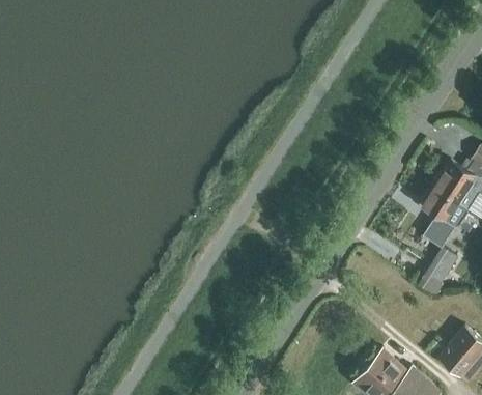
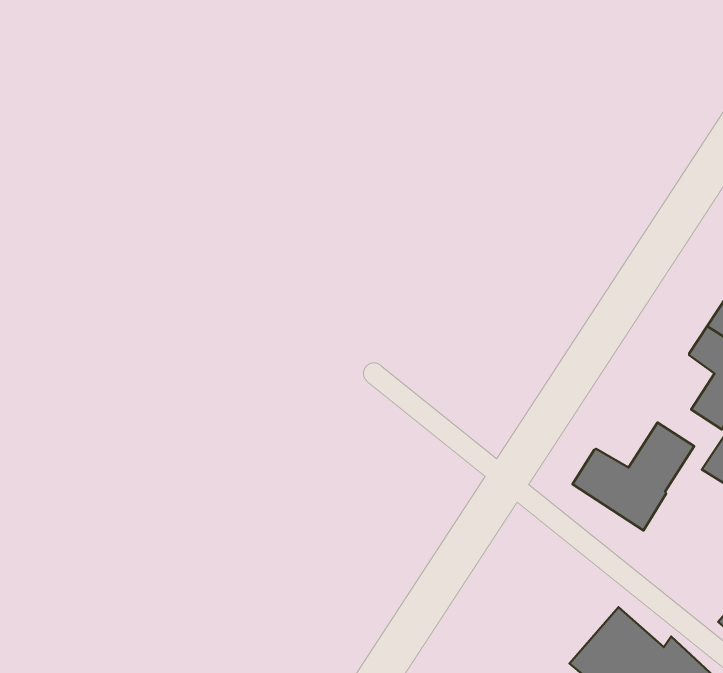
building: none -> [573,422,694,531]

